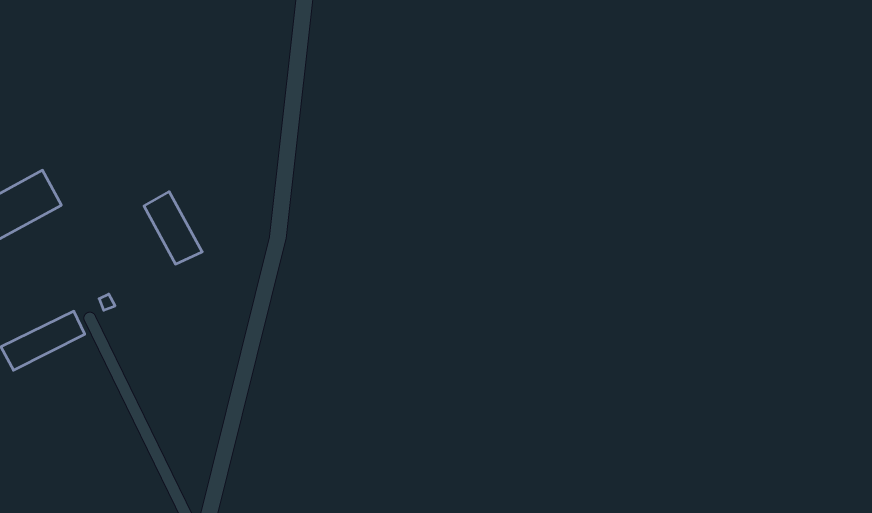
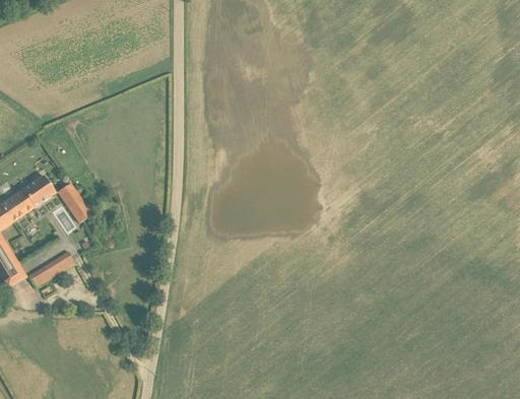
building: [144,192,202,264] -> [57,183,91,222]

